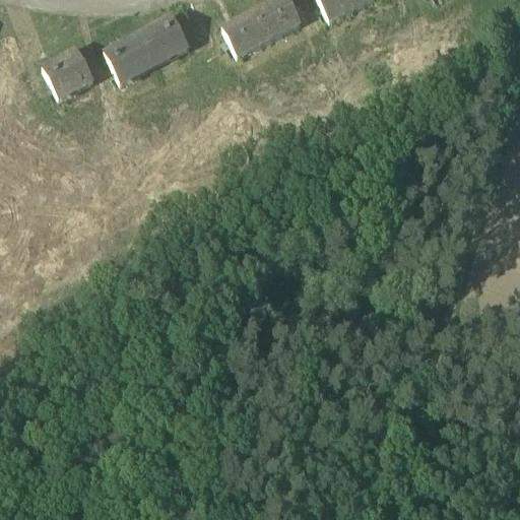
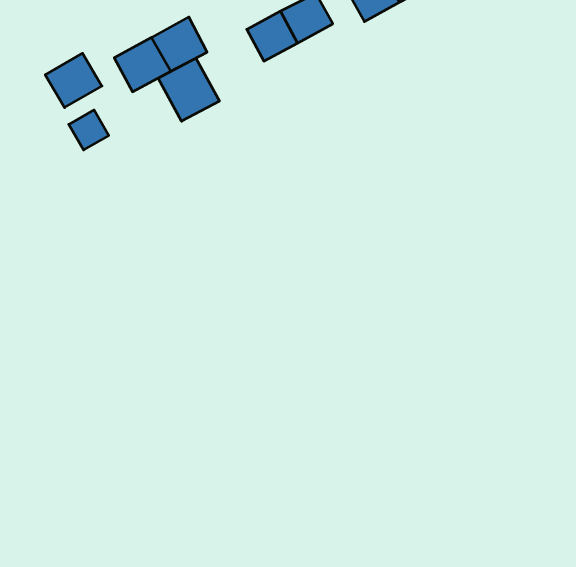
building: none -> [158,58,219,121]
building: none -> [69,110,109,150]

